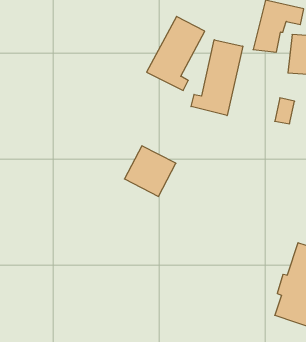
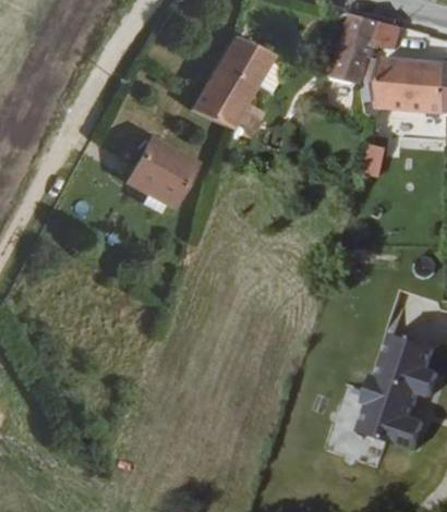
building: [191,40,243,116] -> none
building: [124,146,176,196] -> [123,138,191,205]

